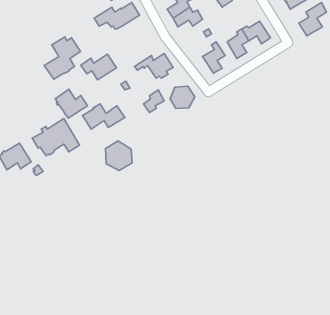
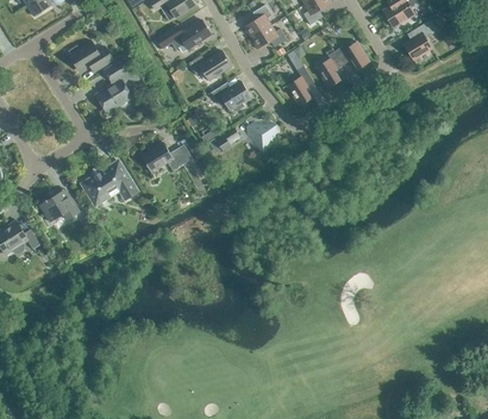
building: none -> [69,42,114,73]
building: [81,54,116,80] -> [189,50,232,81]
building: [55,89,87,118] -> none
building: [105,141,132,171] -> none

